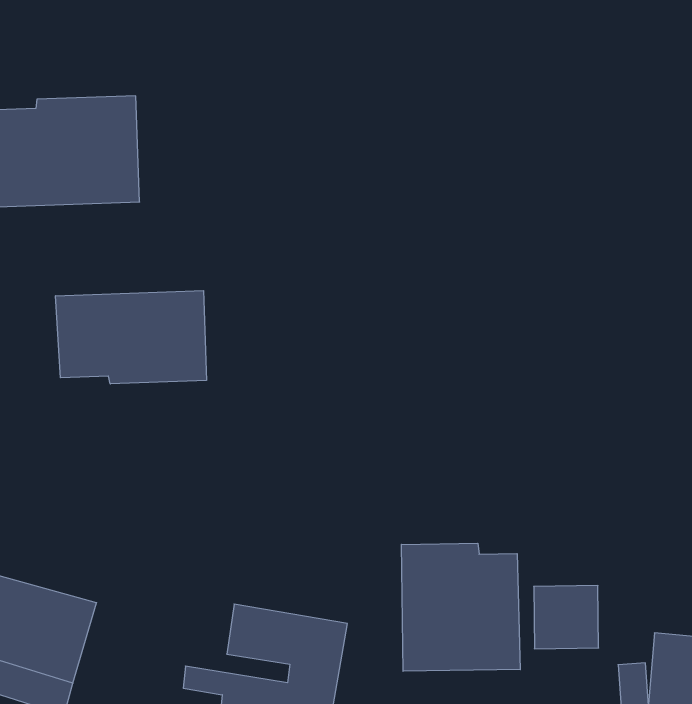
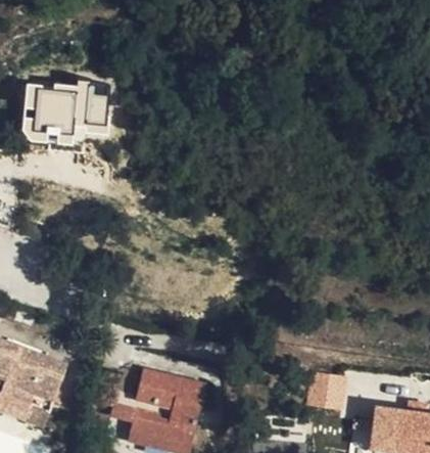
building: [56,291,206,384] -> none
building: [401,543,520,671] -> none

